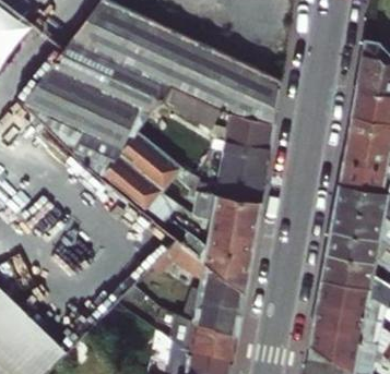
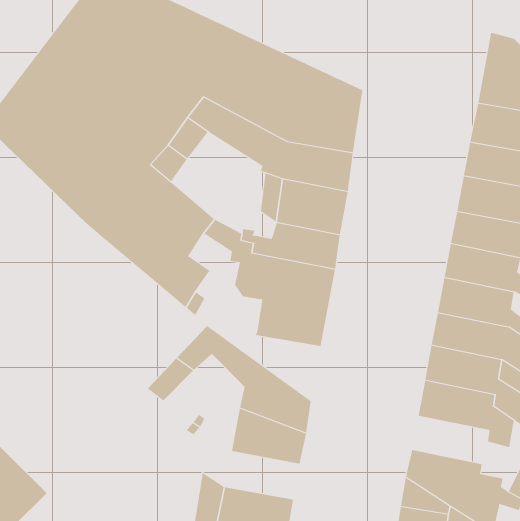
building: [177,229,251,291] -> none
building: [312,301,379,343] -> none
building: [170,314,237,358] -> none

